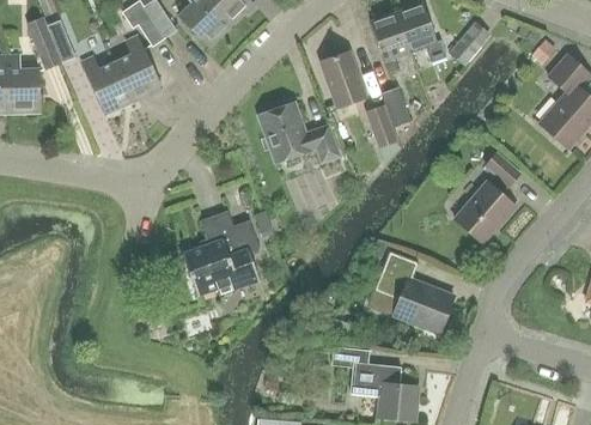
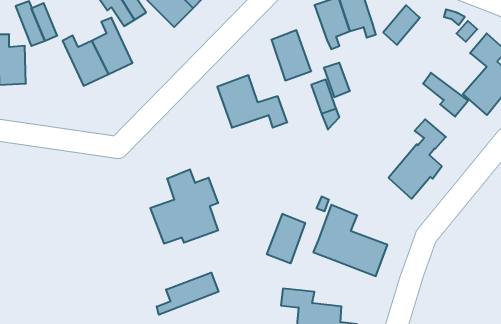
building: none -> [423,73,468,117]
building: none -> [267,214,305,263]
building: none -> [157,273,219,315]

